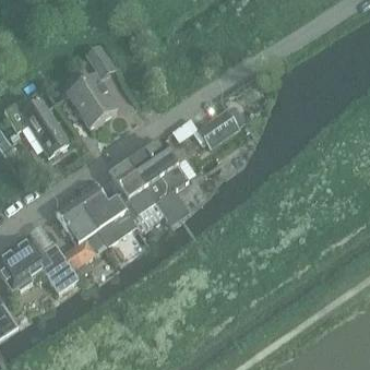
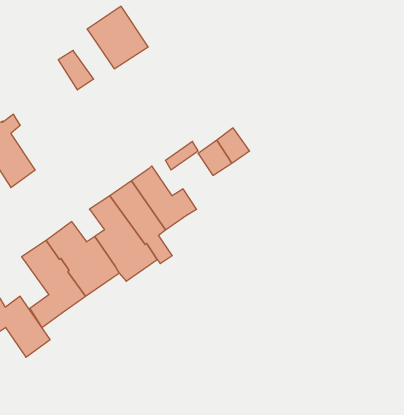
building: [68,76,117,127] -> [87,6,148,69]

